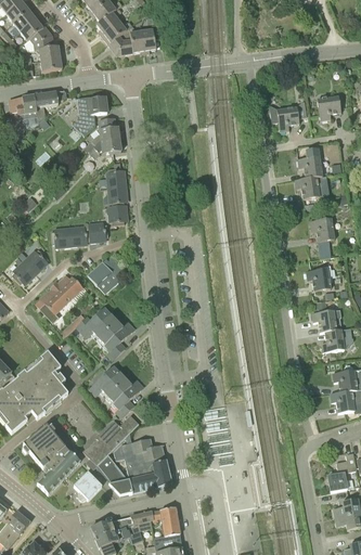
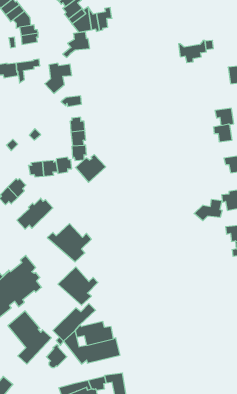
building: [270,101,307,130] -> [179,40,206,63]
building: [85,117,120,151] -> [63,32,90,57]
building: [88,256,128,293] -> [75,155,106,182]
building: none -> [194,199,222,221]

